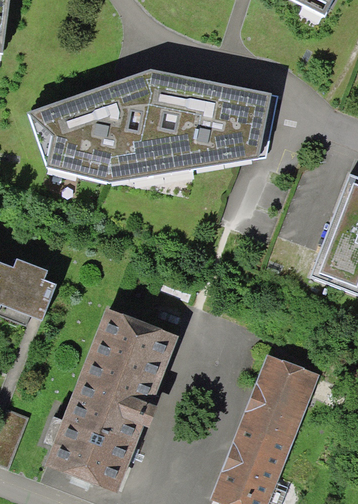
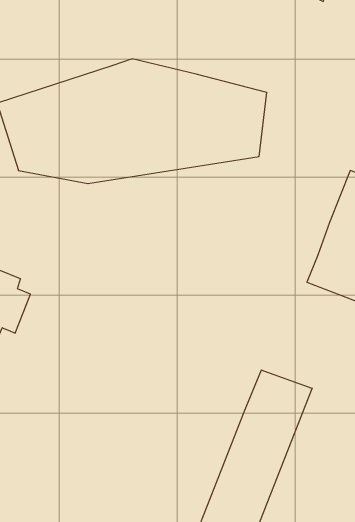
building: [48,312,175,489] -> none

